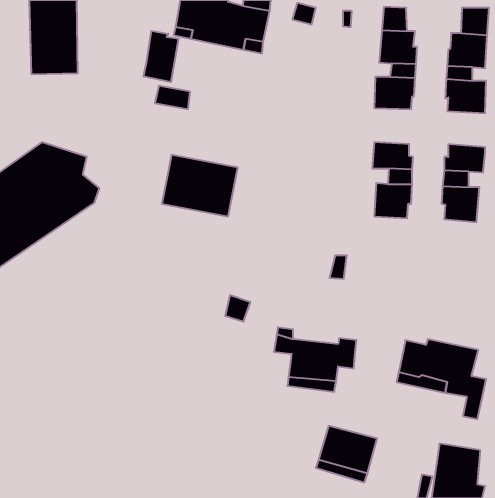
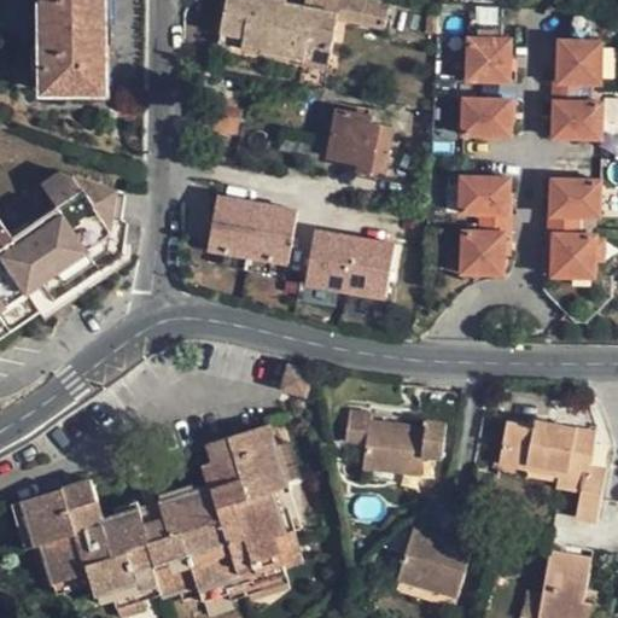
building: [143,31,178,82] -> none
building: none -> [323,110,390,176]
building: none -> [301,229,391,301]
building: none -> [18,426,302,610]

